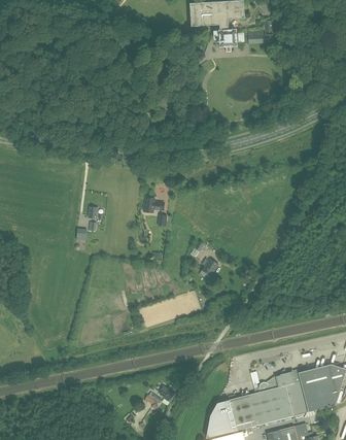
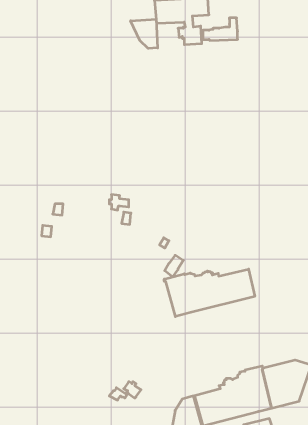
building: none -> [131,19,158,48]
building: none -> [164,269,255,317]

